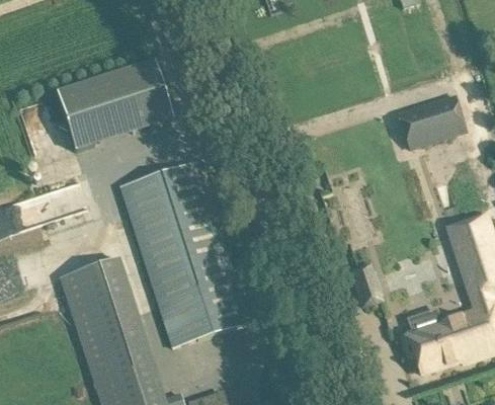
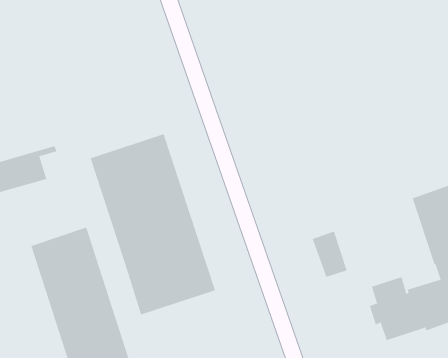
building: [57,67,166,151] -> none
building: [401,94,467,147] -> none

